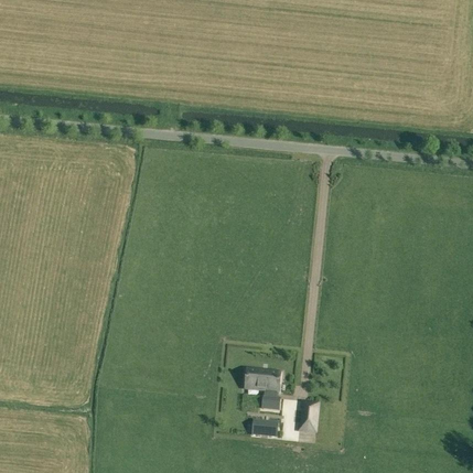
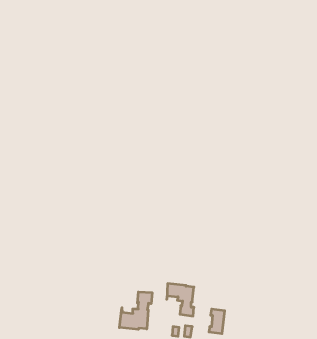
building: none -> [119,292,152,329]

